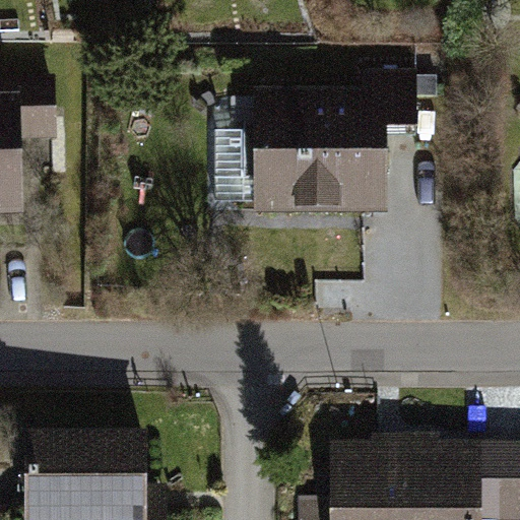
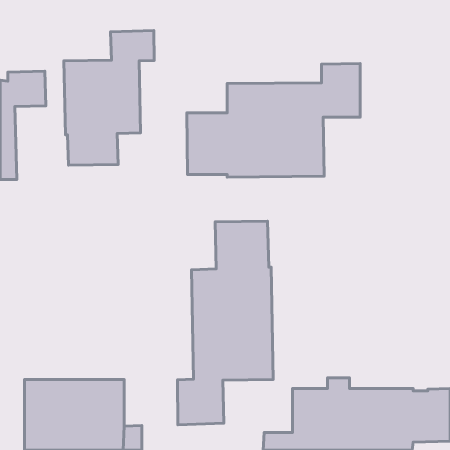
building: none -> [64,31,154,165]
building: none -> [178,221,273,425]

